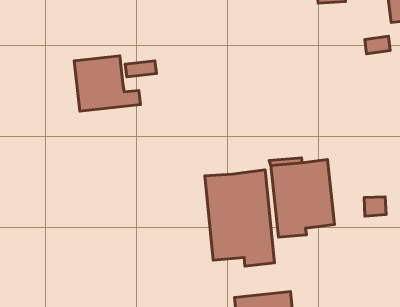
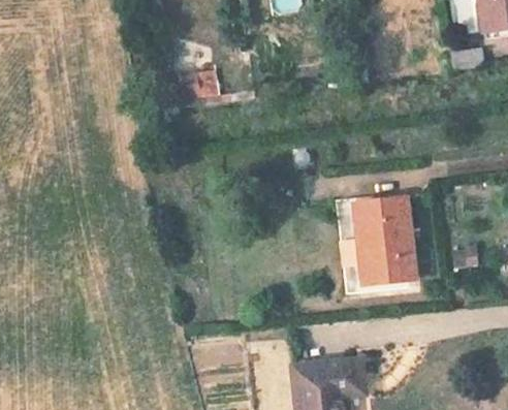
building: [74,56,140,111] -> none
building: [205,170,274,266] -> none

